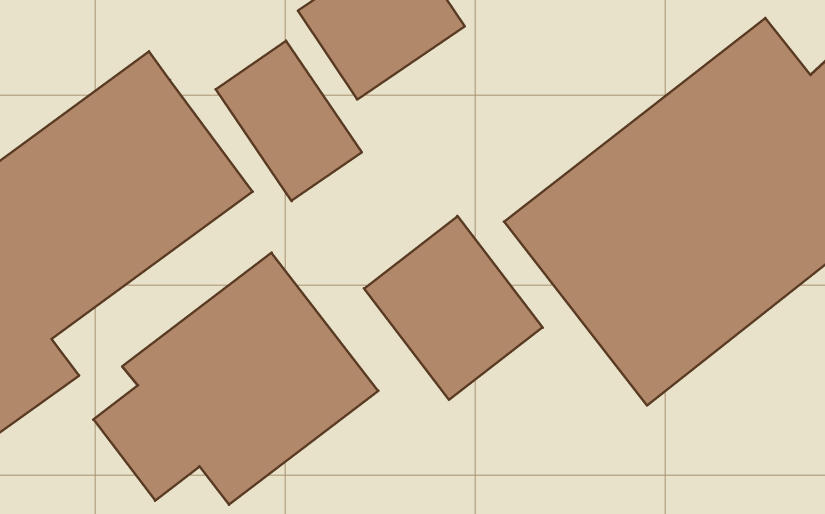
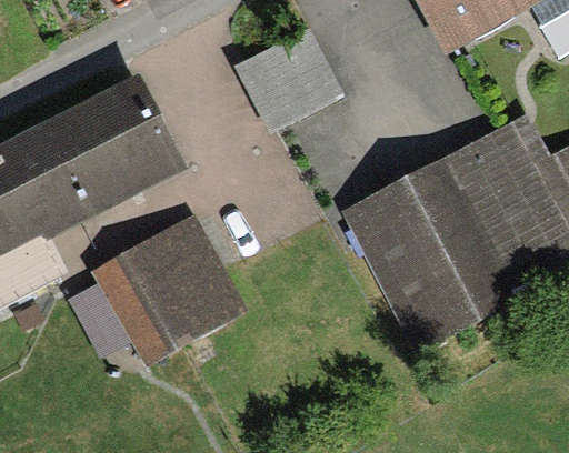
building: [216,41,362,201] -> none
building: [364,216,543,400] -> none

